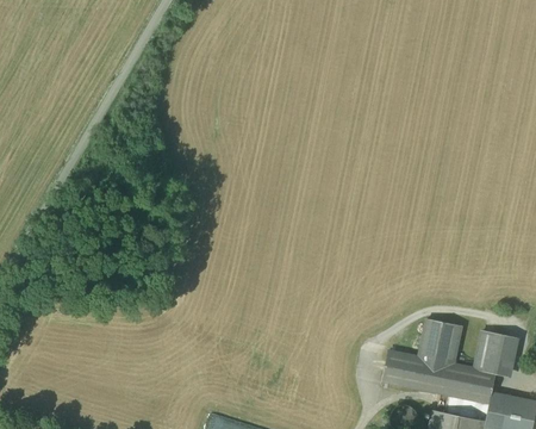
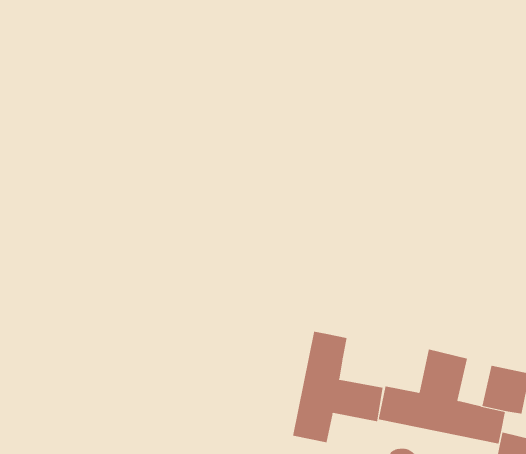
building: none -> [292,331,383,443]

